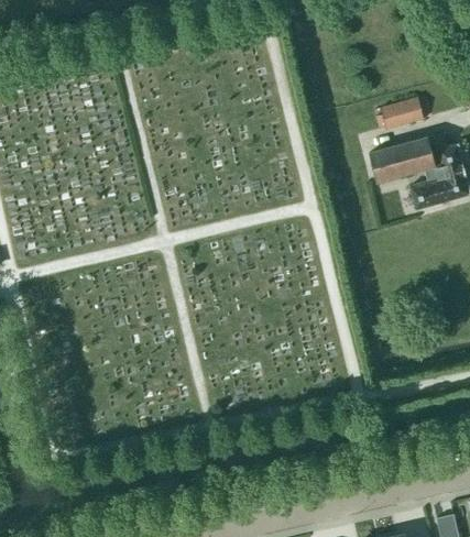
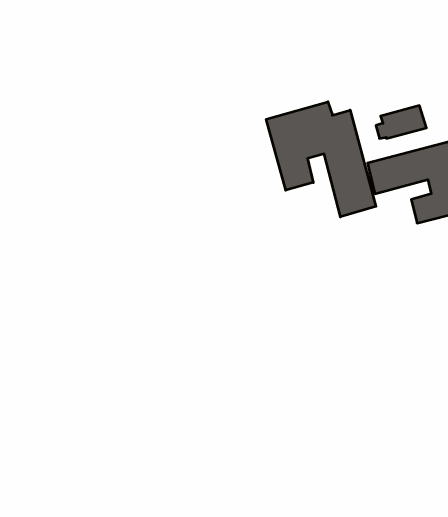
building: none -> [266,102,376,217]

